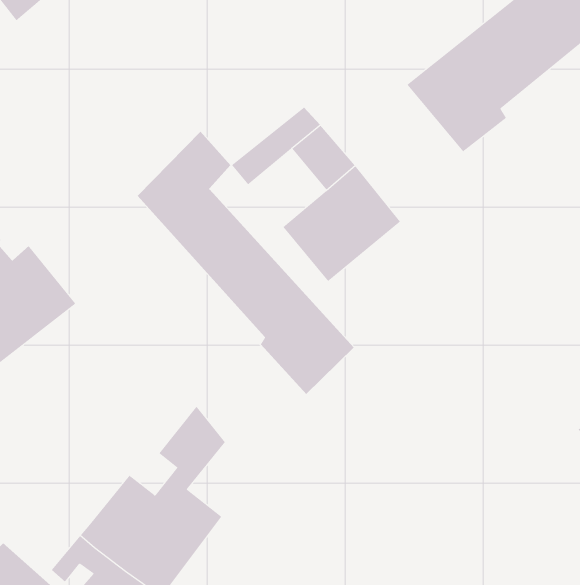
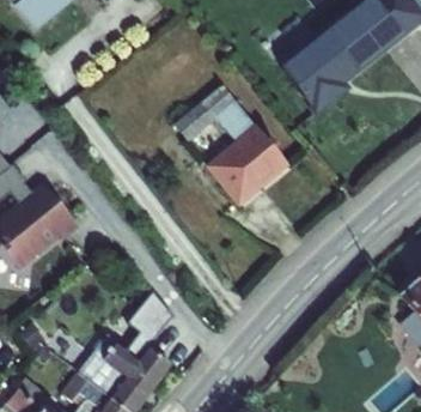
building: [137,131,354,395] -> none

